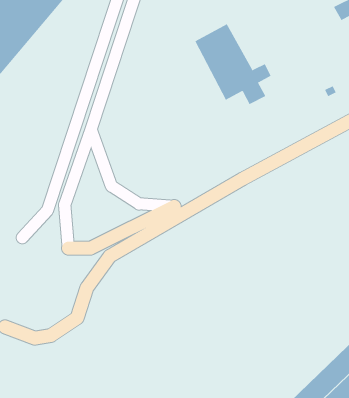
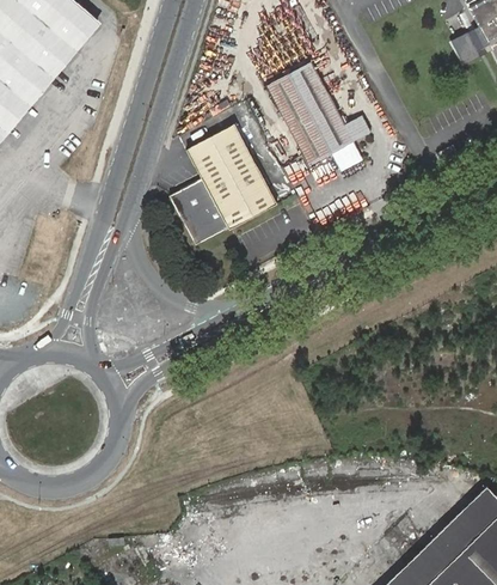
building: none -> [170,124,277,244]

